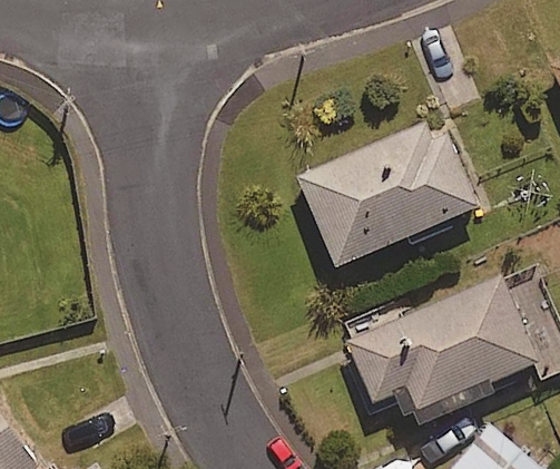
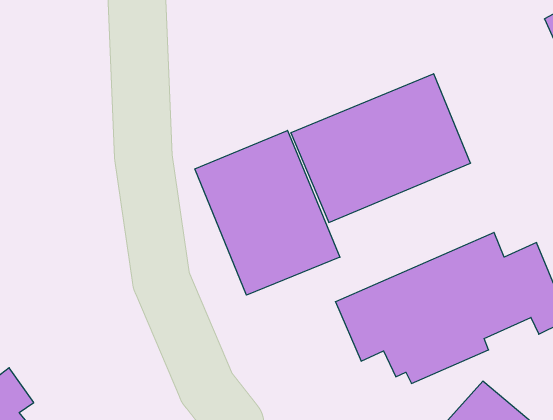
building: none -> [195,130,340,295]

